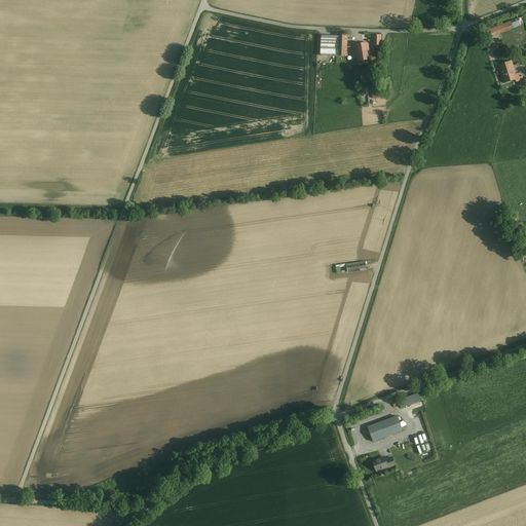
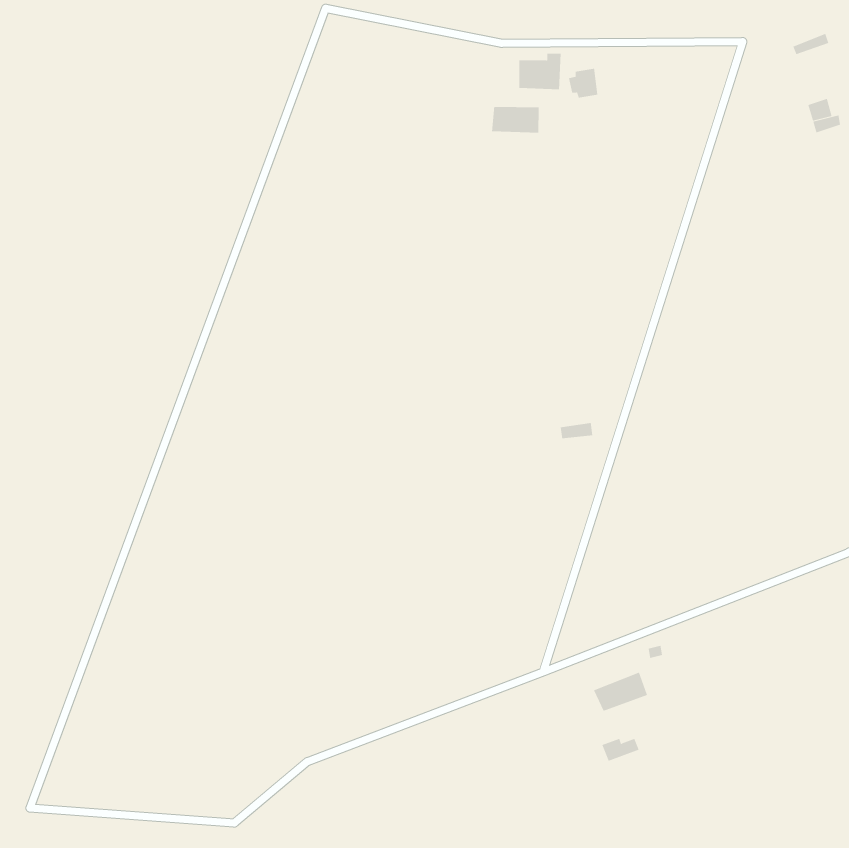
building: none -> [491,106,539,134]

